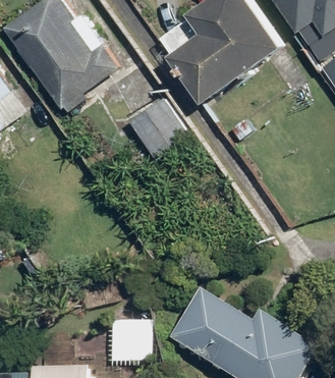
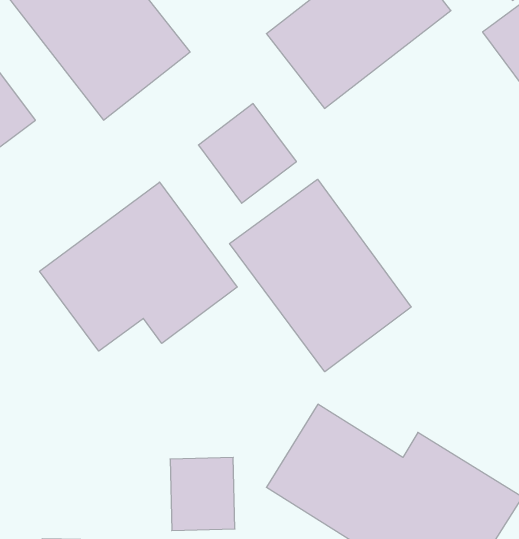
building: none -> [230,179,411,372]
building: none -> [40,182,237,351]

